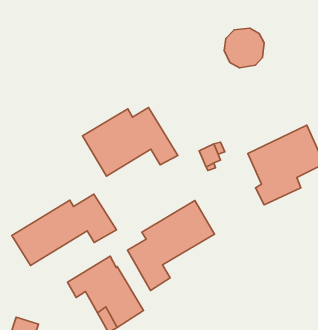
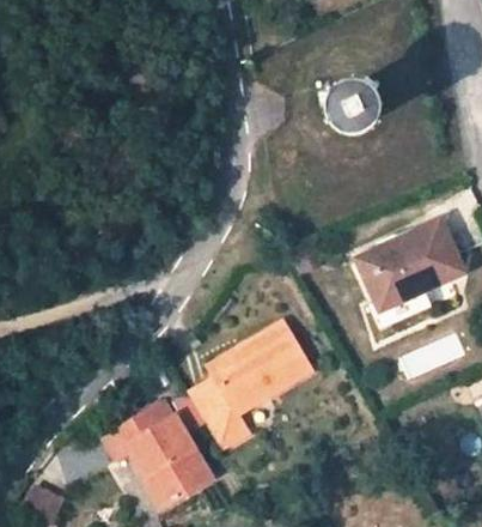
building: [82,108,178,176] -> none
building: [12,194,117,266] -> none

